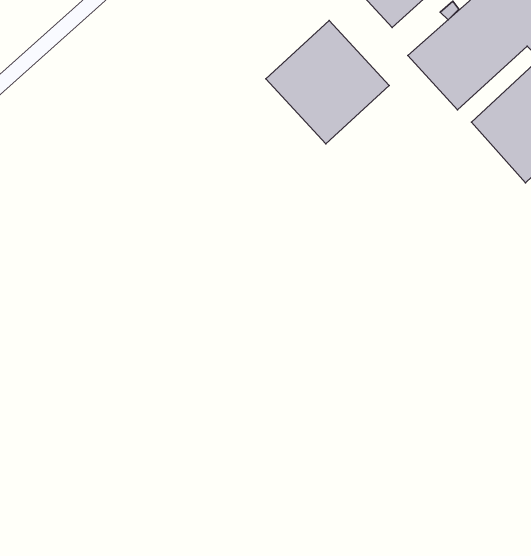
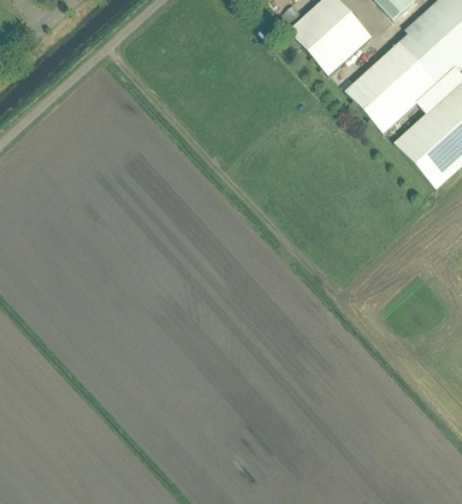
building: [266,21,389,144] -> none

